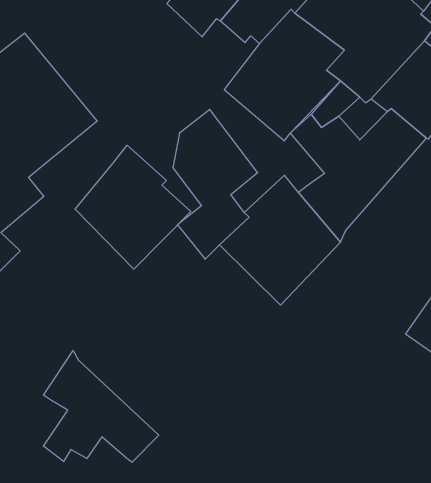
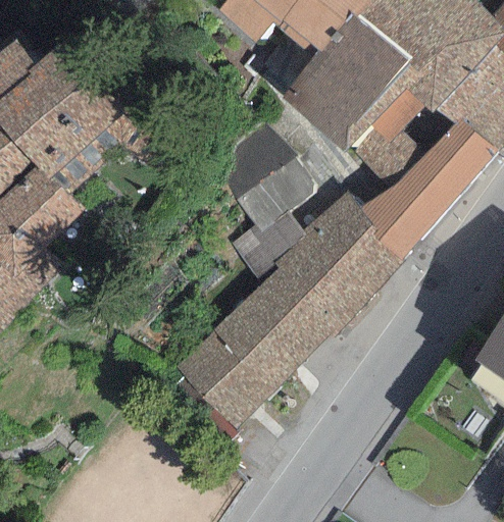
building: [75,145,191,269] -> none
building: none -> [172,264,339,430]
building: [43,351,159,462] -> none

